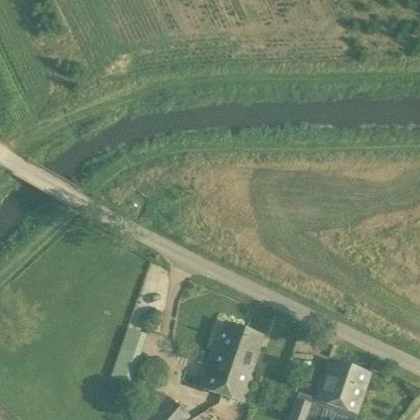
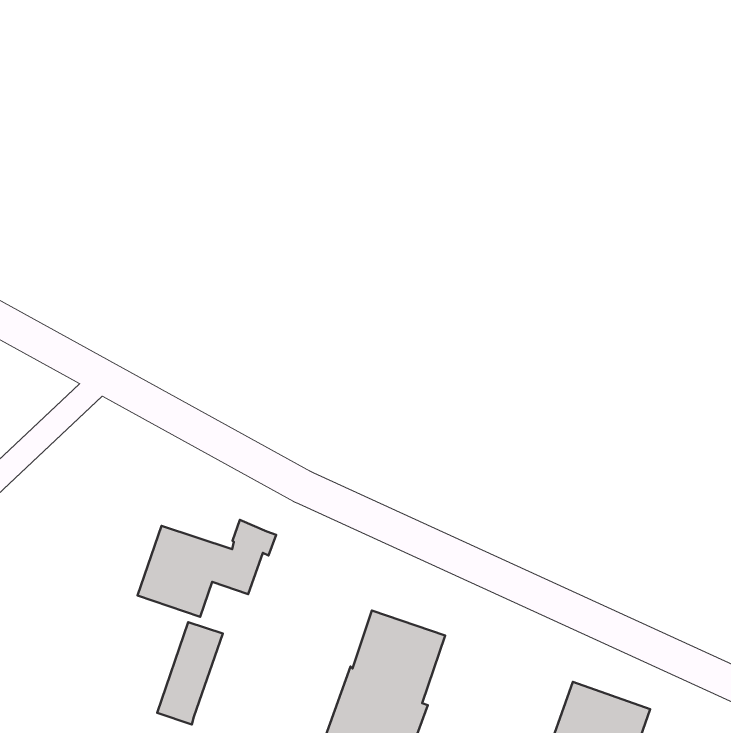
building: none -> [138,520,276,617]

